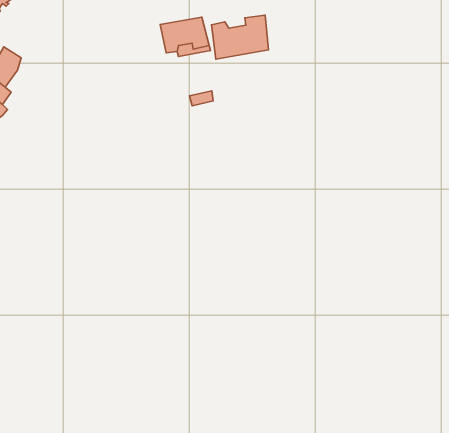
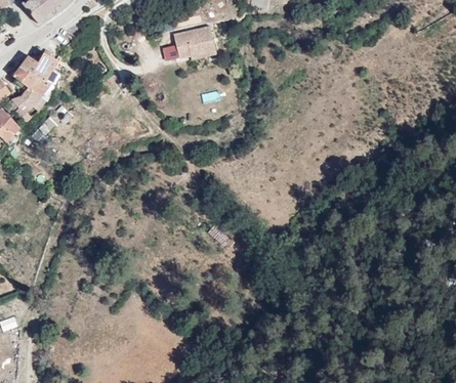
building: [211,15,268,59] -> none

